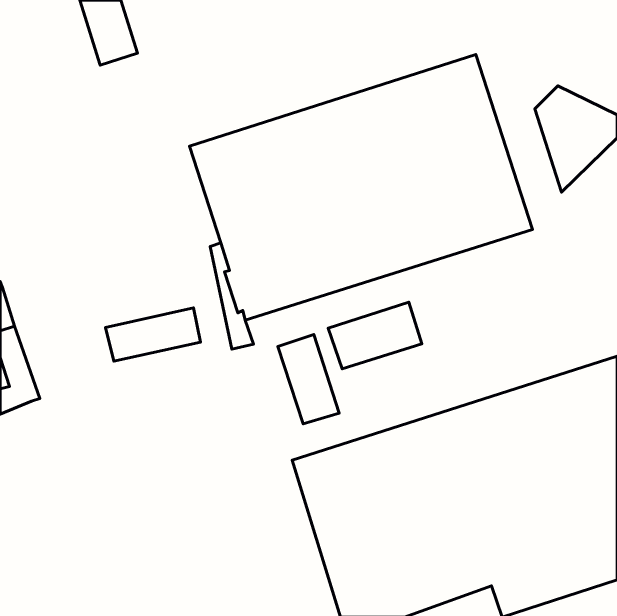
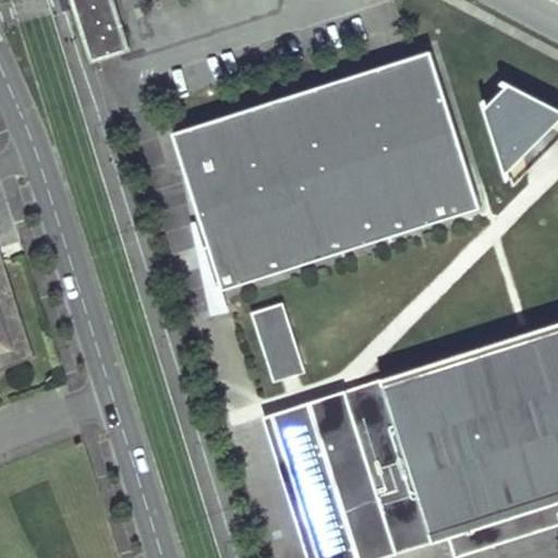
building: [328,302,422,369] -> none
building: [106,308,201,361] -> none

